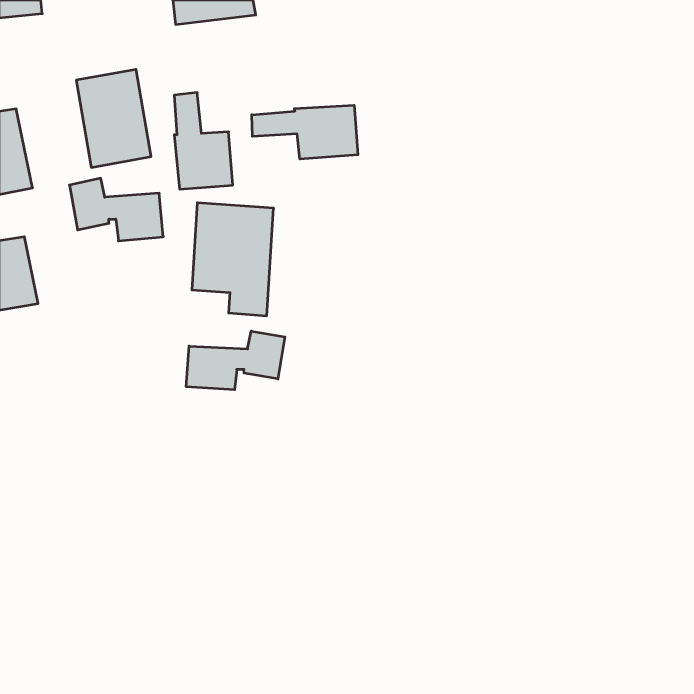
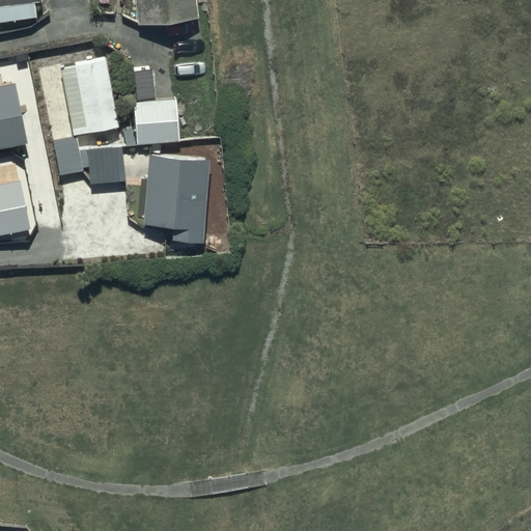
building: [252,105,358,159] -> none
building: [186,331,285,390] -> none

